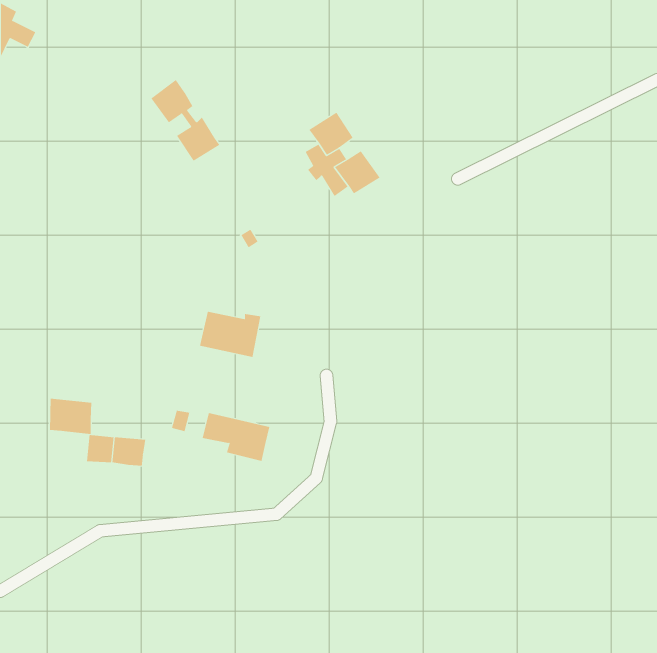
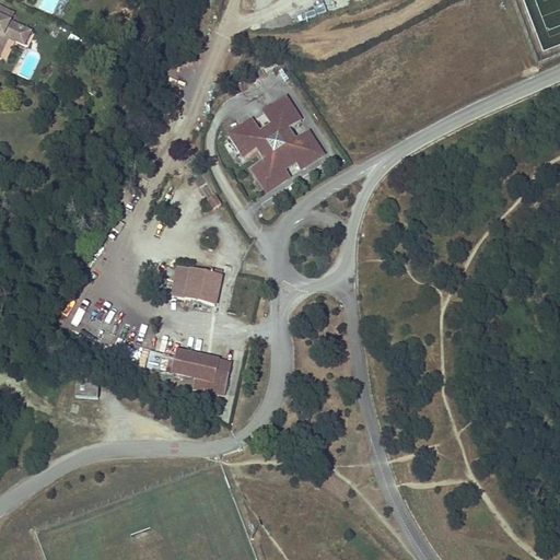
building: [151,79,220,162] -> [230,118,289,188]
building: [50,398,92,435] -> none
building: [112,436,146,466] -> none

